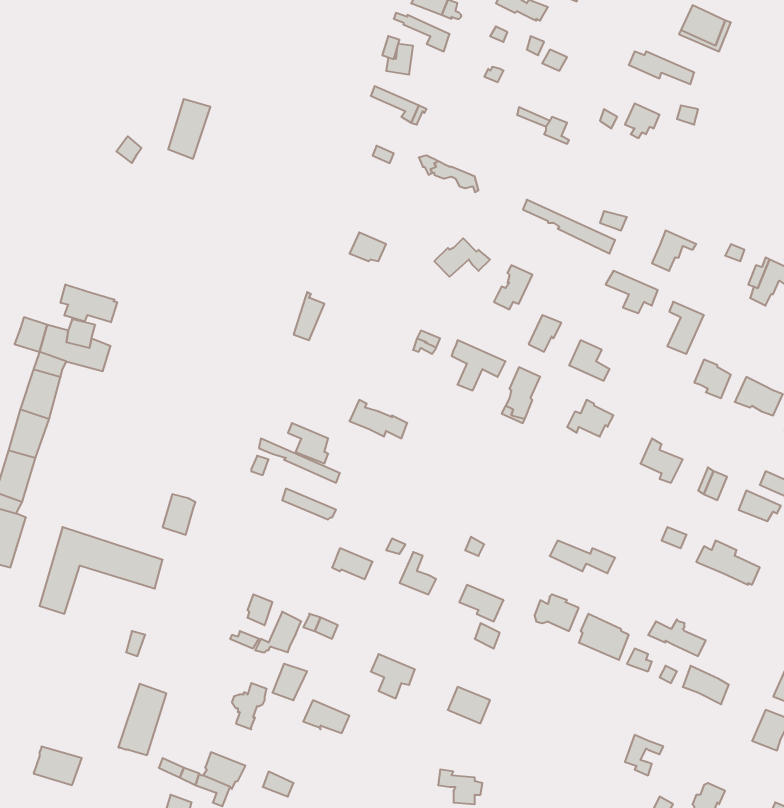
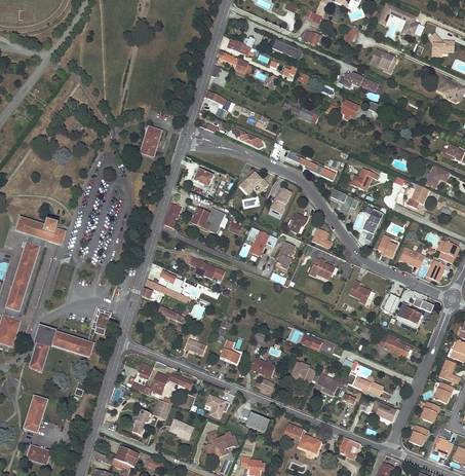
building: [168,99,210,159] -> [139,125,161,157]
building: [61,284,117,322] -> none
building: none -> [191,207,224,232]
building: [118,684,166,755] -> [22,394,47,432]
building: none -> [282,423,320,452]
building: none -> [204,430,237,455]

